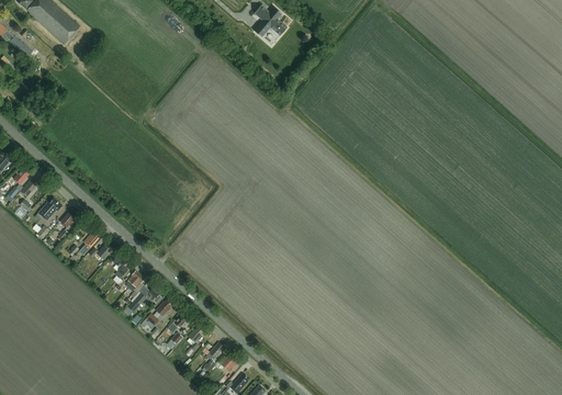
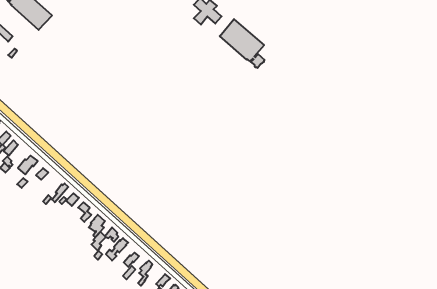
building: none -> [220,19,265,68]

